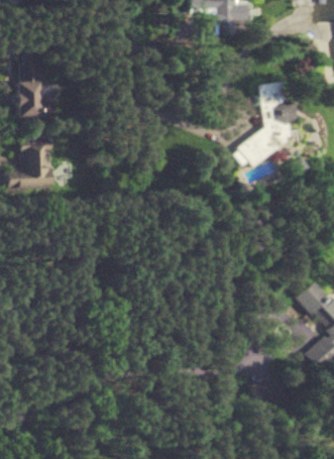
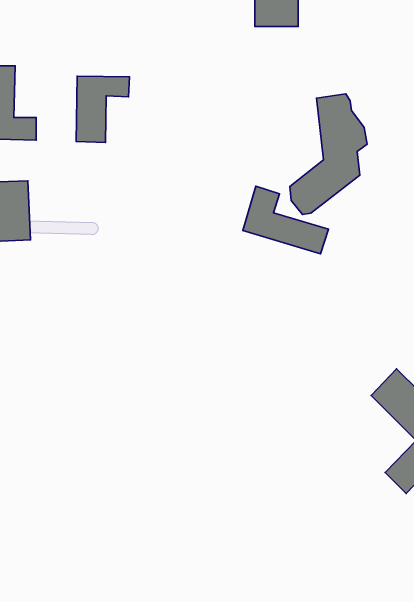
building: none -> [76,76,129,142]
building: none -> [243,186,329,254]

